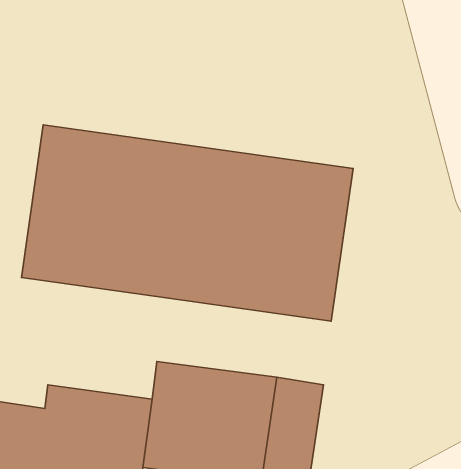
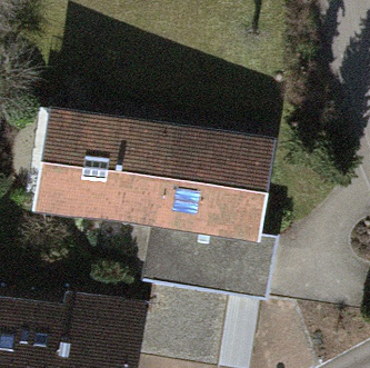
building: none -> [138,230,262,292]

